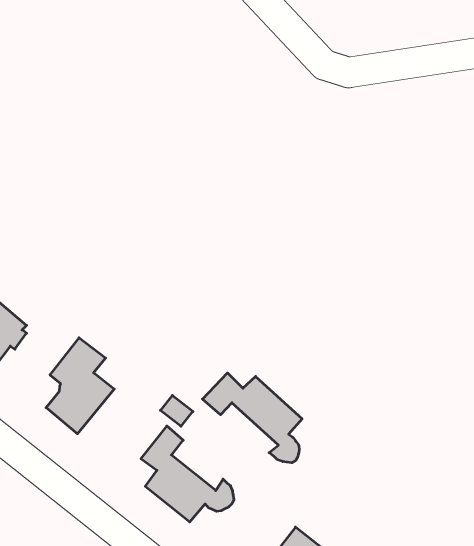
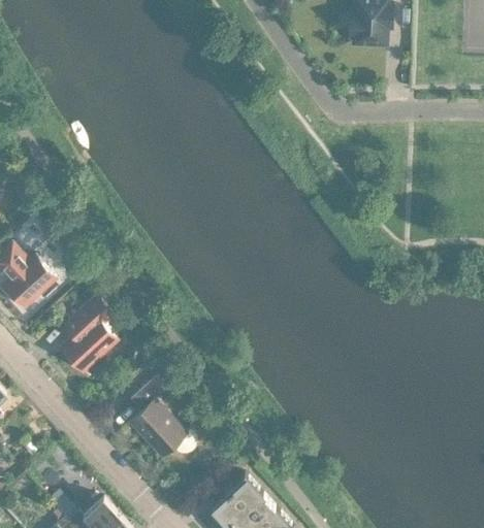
building: [202,373,302,463] -> none

